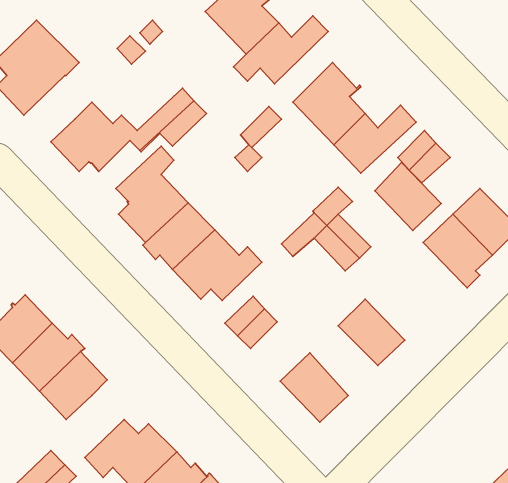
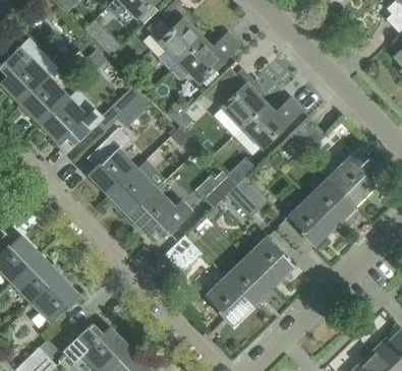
building: none -> [16,76,68,124]
building: [375,163,441,231] -> [287,196,335,245]
building: none -> [225,256,274,308]

